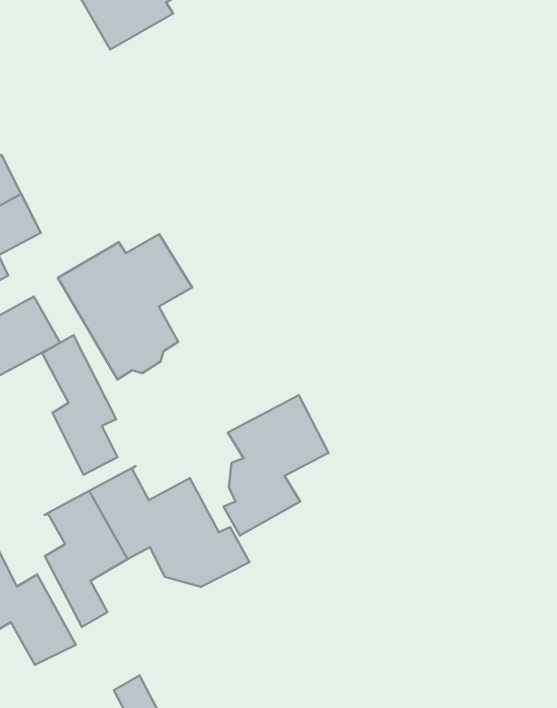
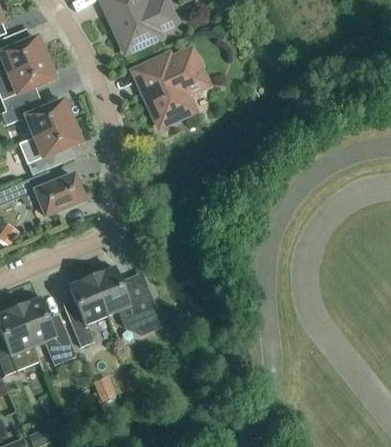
building: [58,234,192,380] -> [134,52,203,125]
building: [42,335,117,475] -> none
building: [224,395,328,535] -> none

